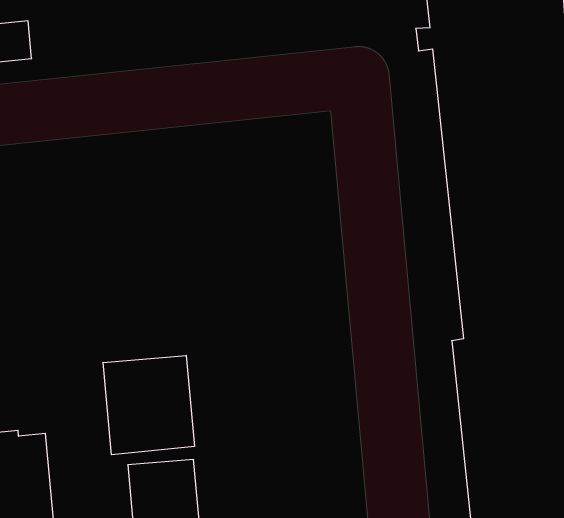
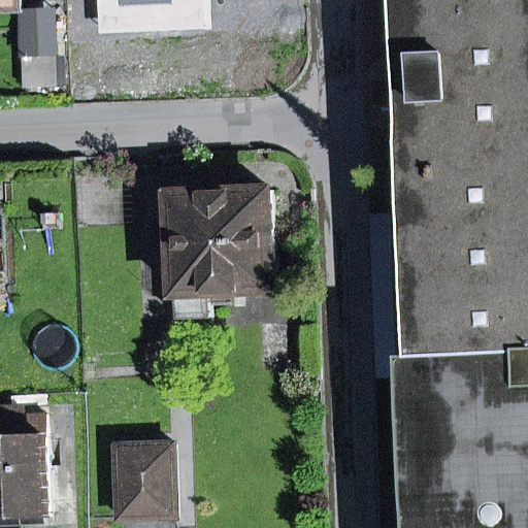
building: none -> [157,188,273,316]
building: [103,355,194,455] -> none

